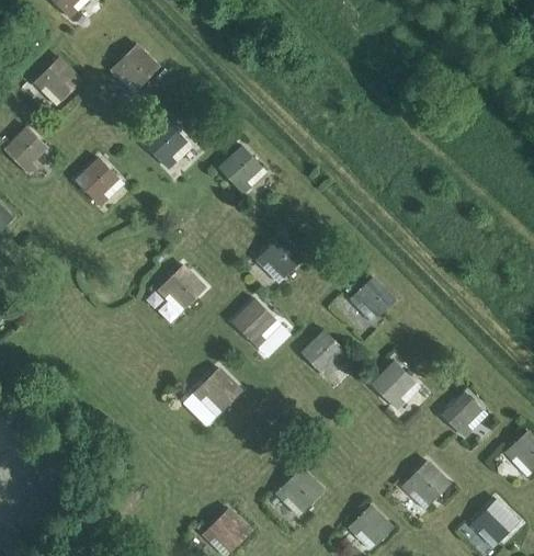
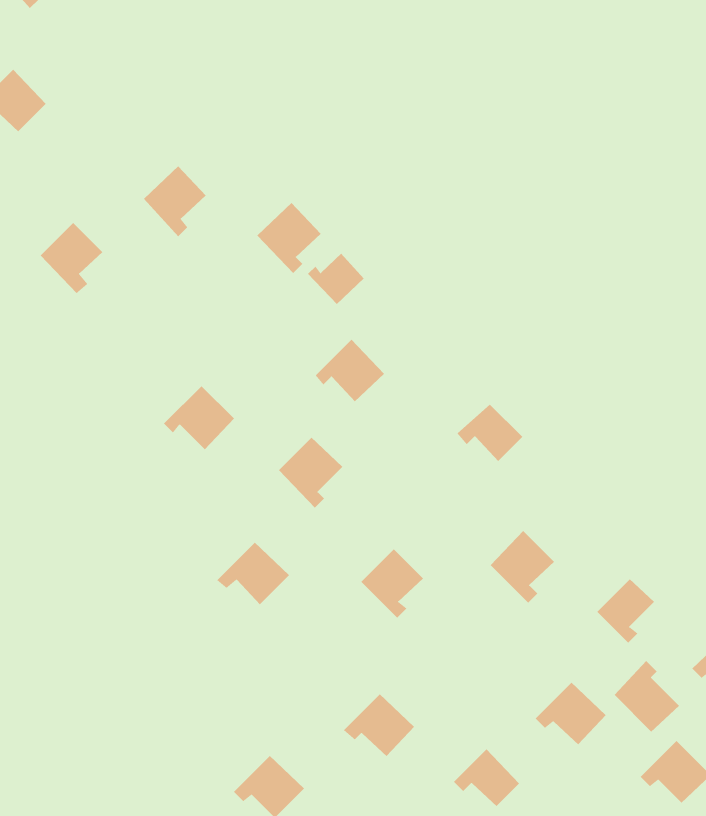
building: [111,45,158,87] -> none
building: none -> [307,253,364,305]
building: [302,331,343,377] -> [360,548,424,618]
building: none -> [614,660,680,732]

